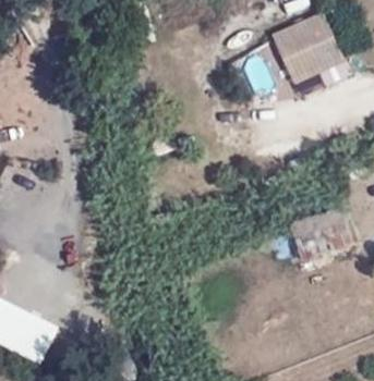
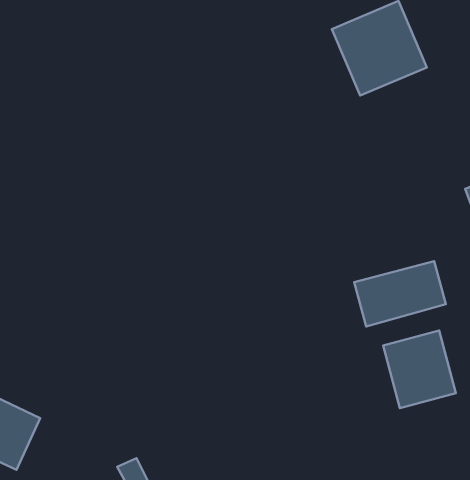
building: none -> [383,331,456,408]

